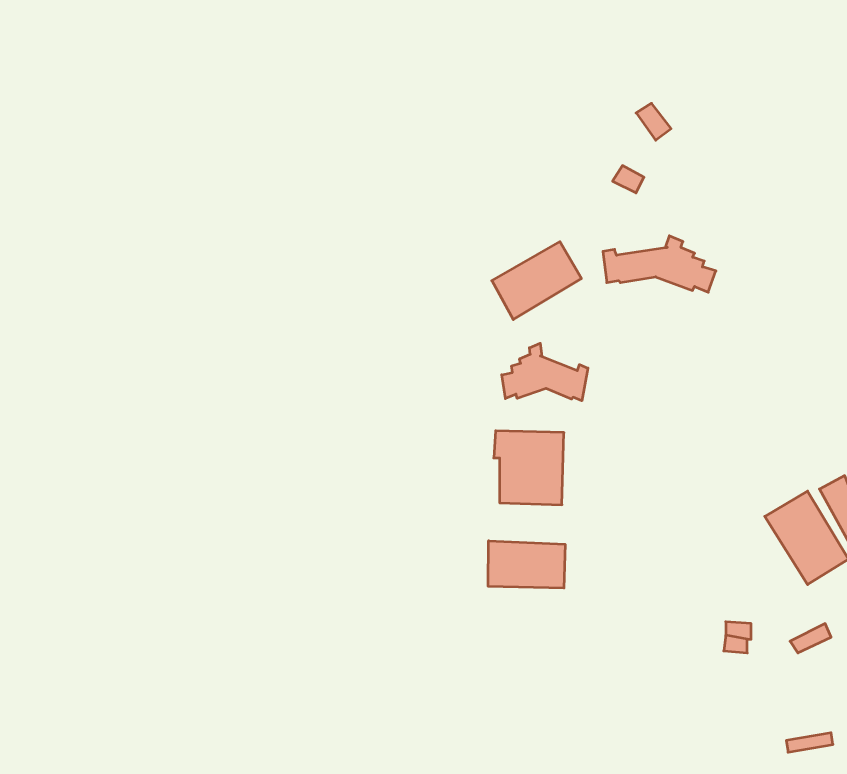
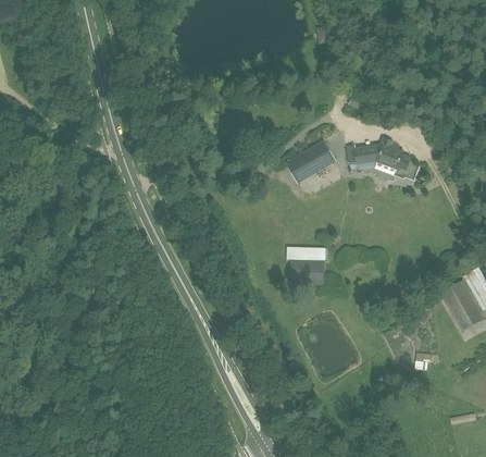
building: [502,343,588,401] -> none
building: [488,541,565,588] -> none

